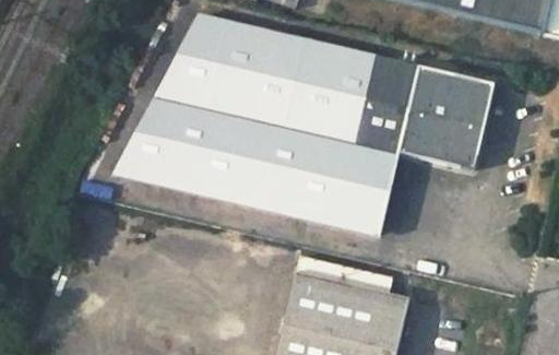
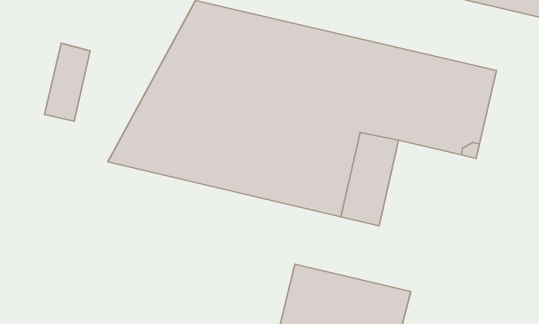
building: none -> [44,43,90,121]

